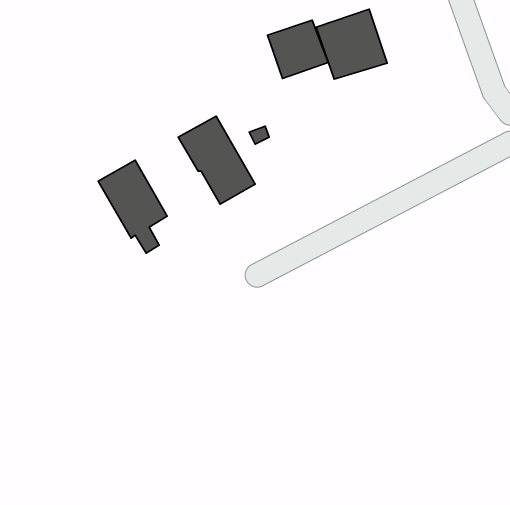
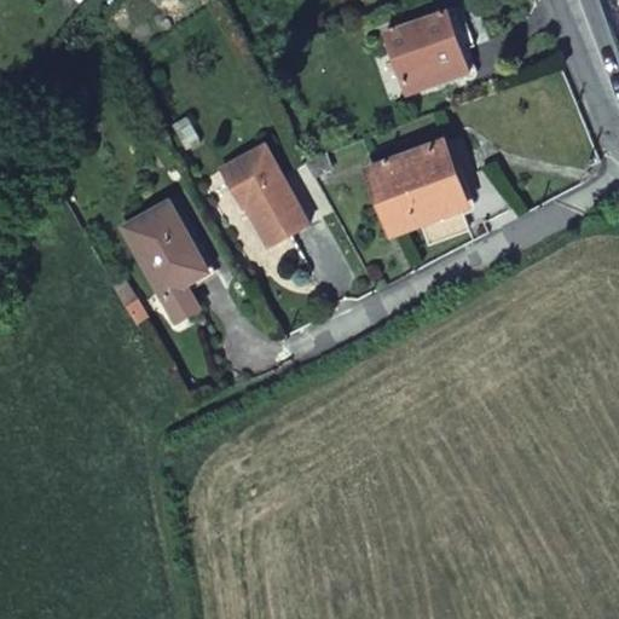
building: [268,20,328,78] -> none
building: none -> [368,141,475,244]

